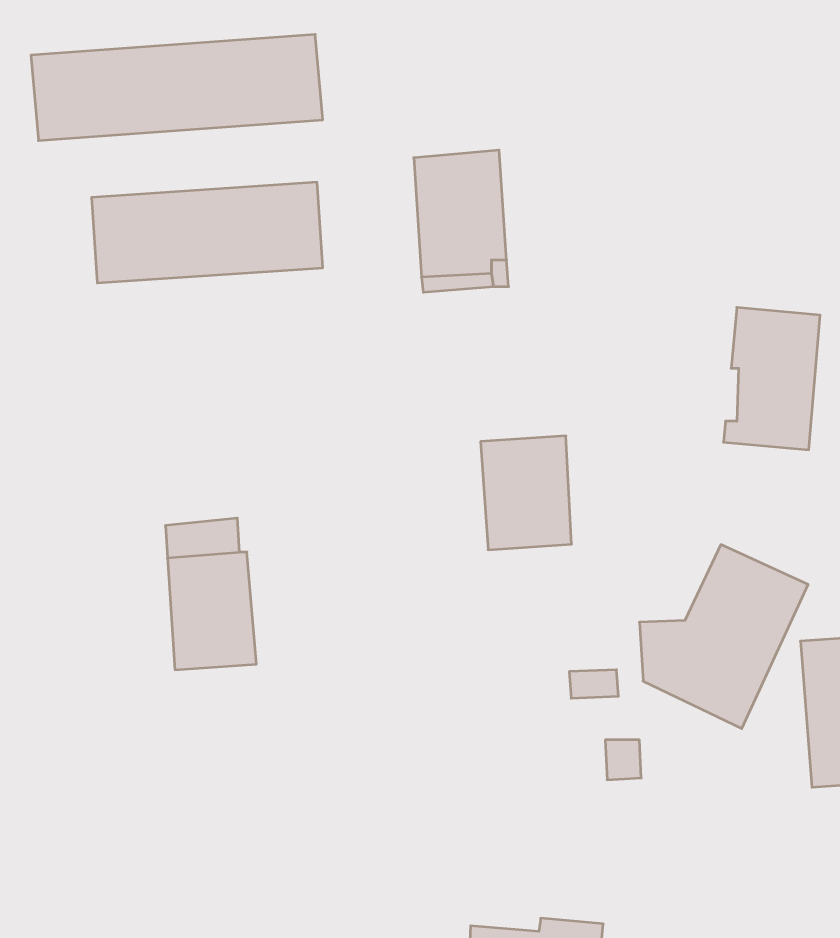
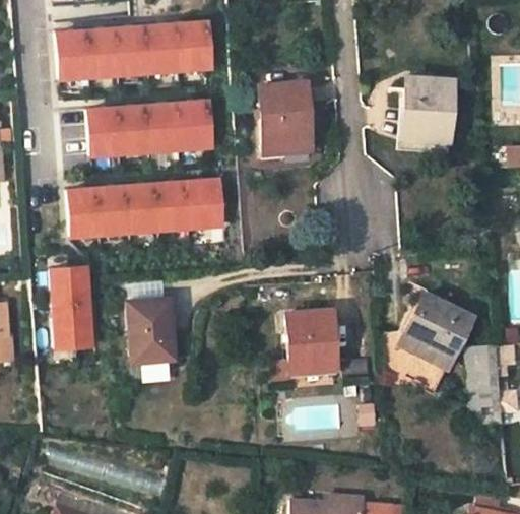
building: [723,307,820,450] -> [402,77,454,153]
building: none -> [68,180,222,236]
building: [481,436,572,550] -> [287,311,336,372]
building: none -> [51,267,92,347]

